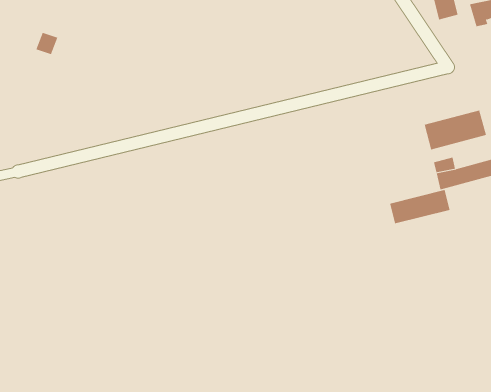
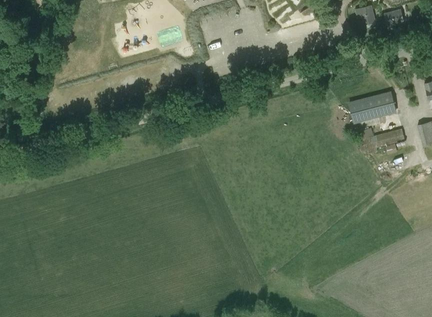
building: [390,189,450,224] -> none

